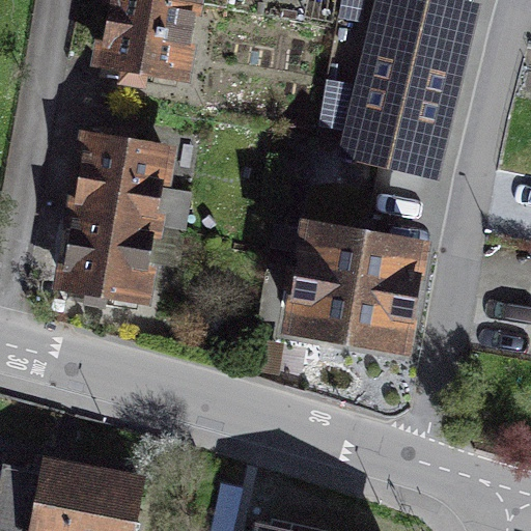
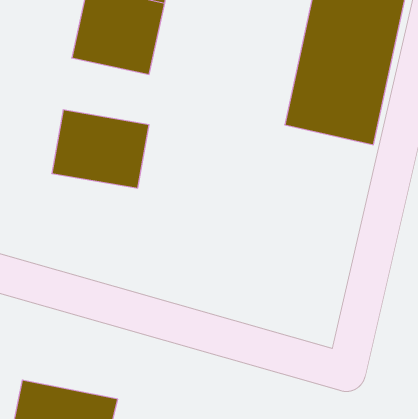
building: [53,209,169,304] -> none
building: [269,217,422,361] -> none

